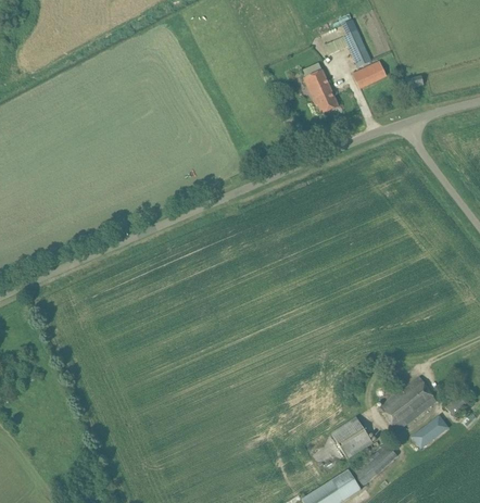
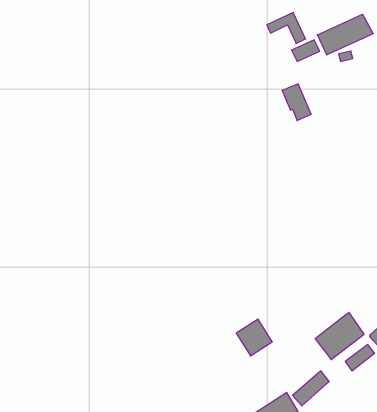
building: none -> [317,14,373,55]
building: [304,71,338,113] -> [282,84,311,121]
building: [331,416,372,458] -> [236,319,272,356]

